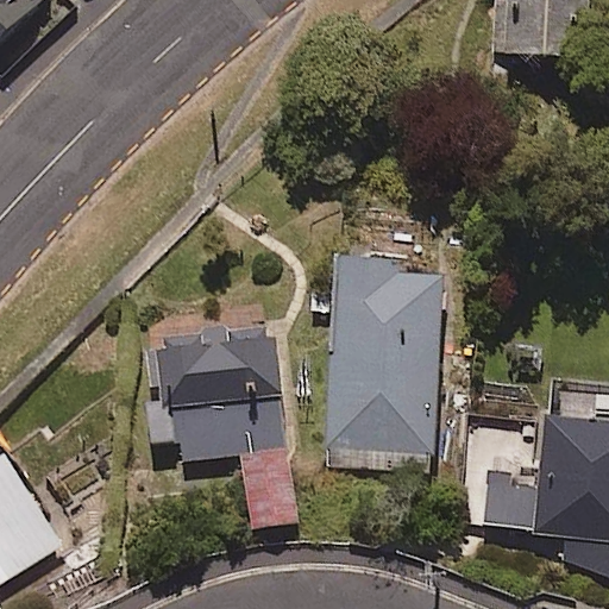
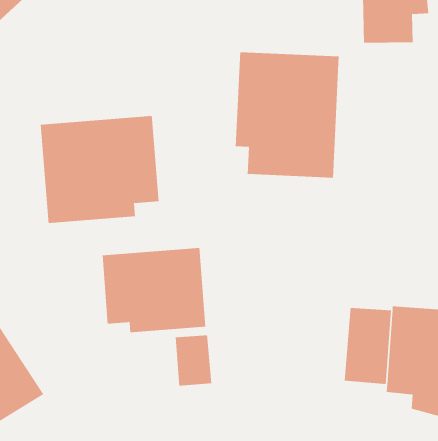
building: none -> [235,51,339,178]
building: none -> [40,115,159,224]
building: [327,259,440,452] -> none

